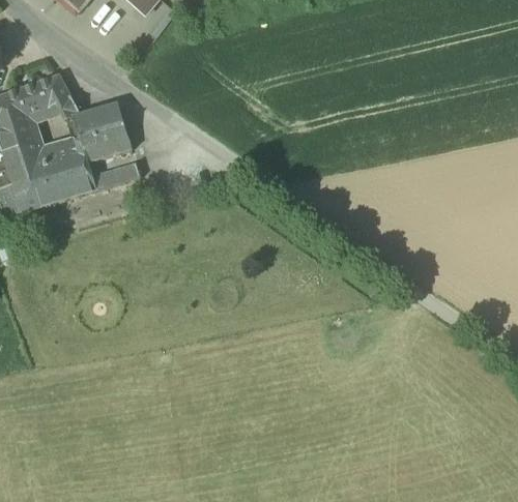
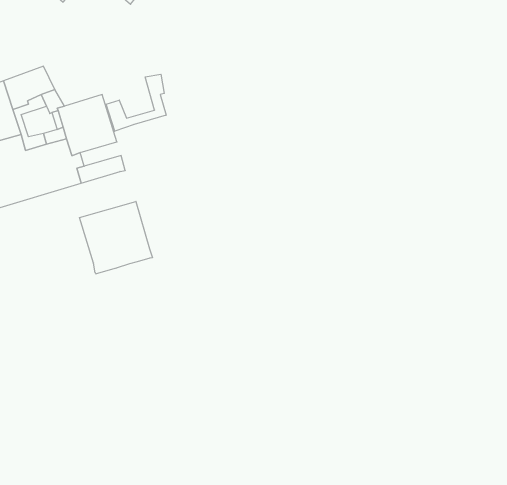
building: none -> [106,74,166,131]
building: none -> [80,201,152,274]

